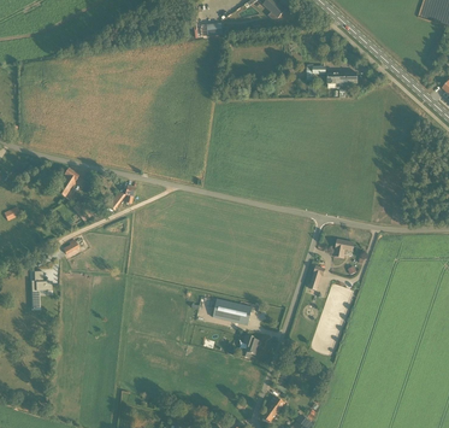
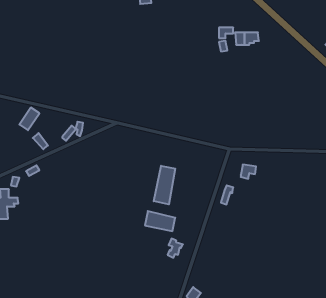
building: none -> [154,166,175,204]

